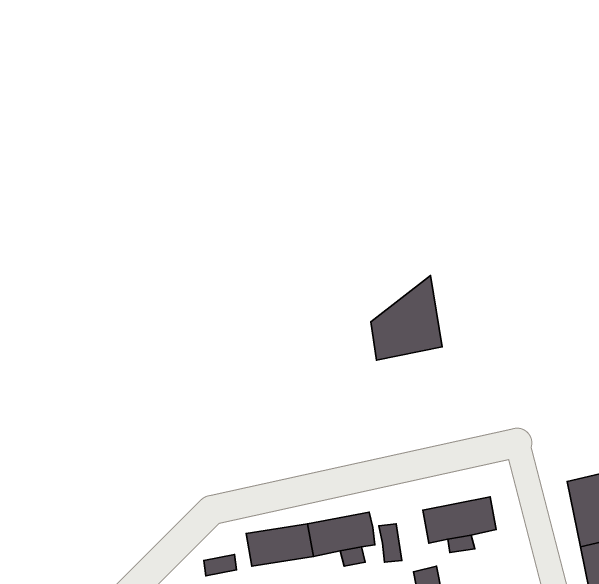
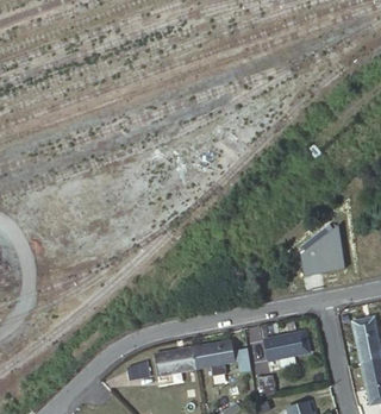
building: [371,276,442,360] -> [301,225,345,277]

